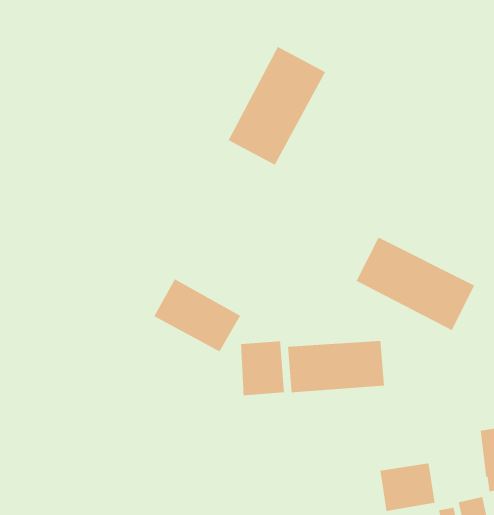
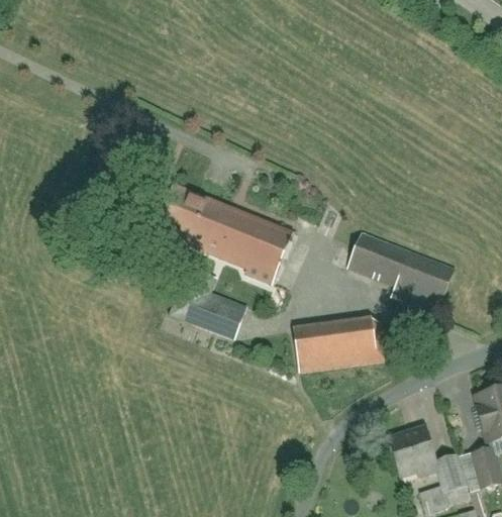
building: [228,46,326,166] -> none
building: none -> [154,176,295,283]
building: [240,341,285,396] -> none

